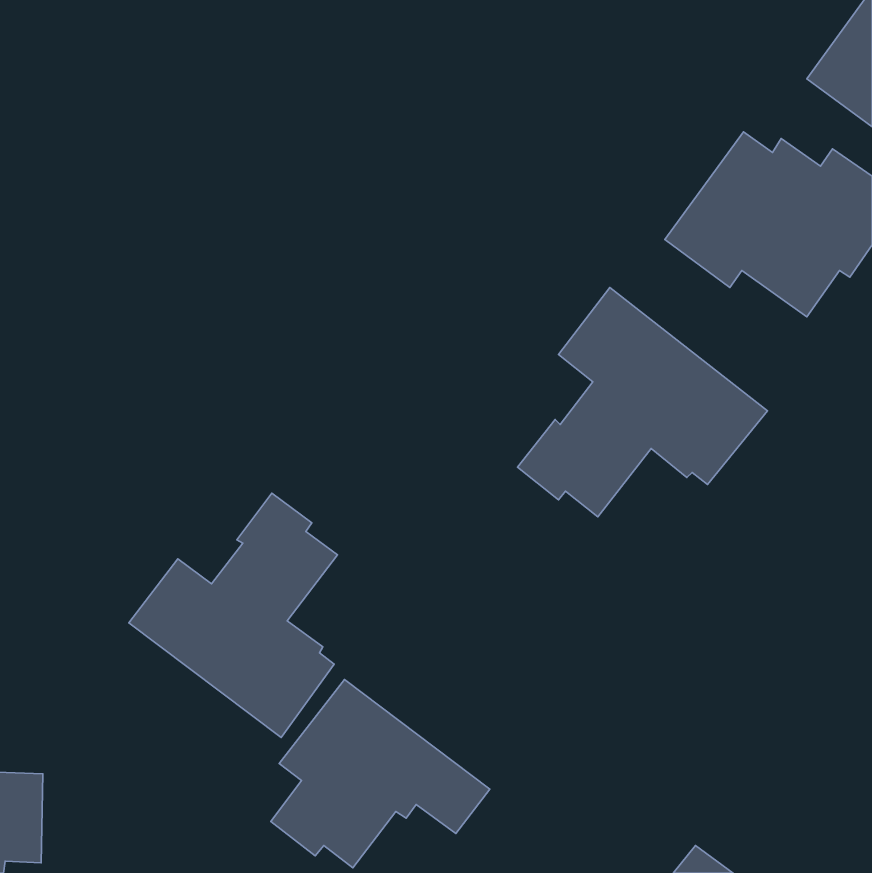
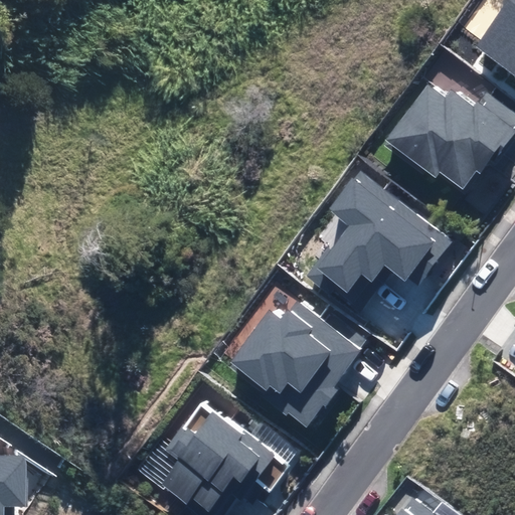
building: [129,493,337,737] -> none
building: none -> [227,299,367,425]

